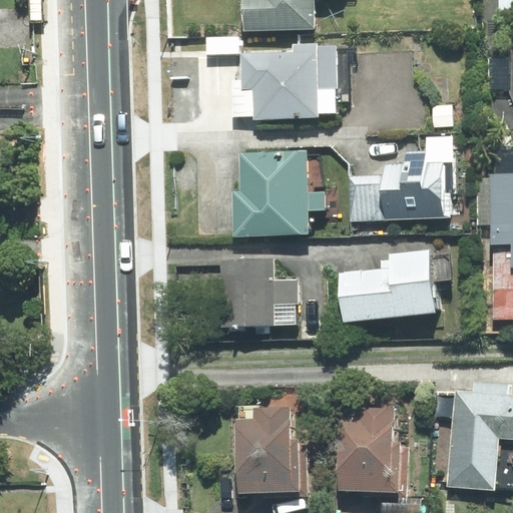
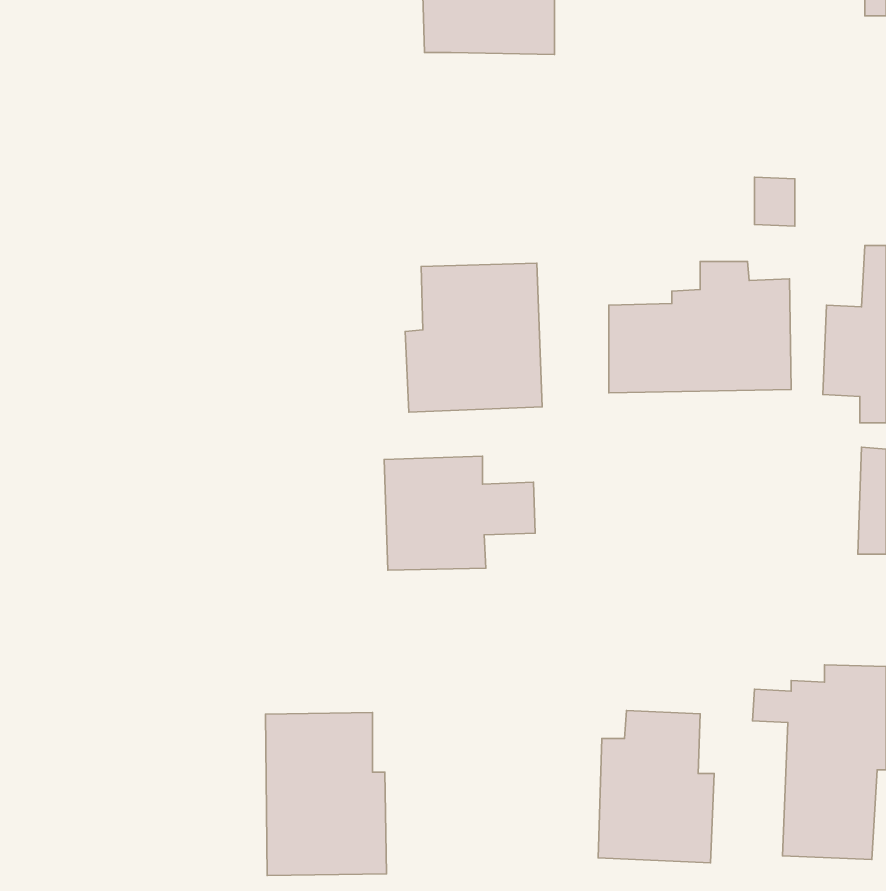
building: [231,42,338,118] -> none
building: [341,247,438,320] -> none
building: [237,401,307,494] -> [266,713,387,876]

